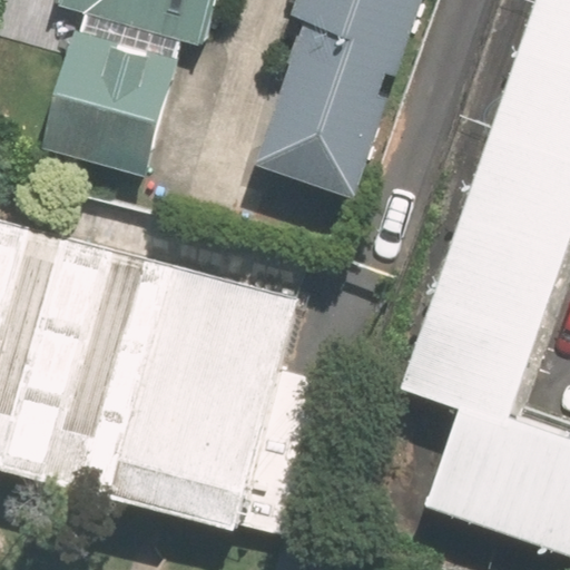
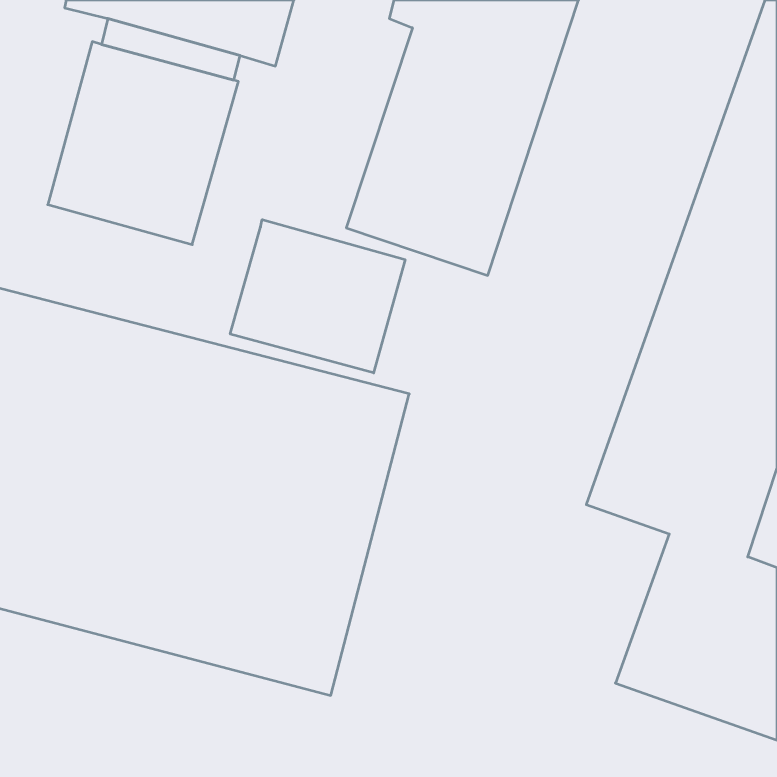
building: none -> [230,220,405,373]

